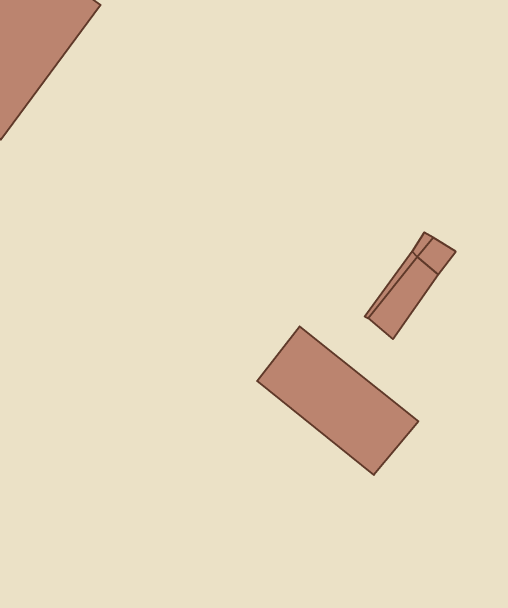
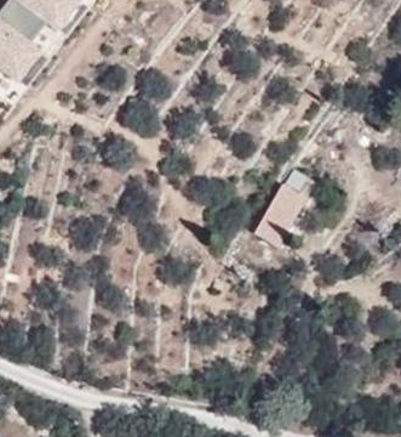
building: [257,326,418,475] -> none

